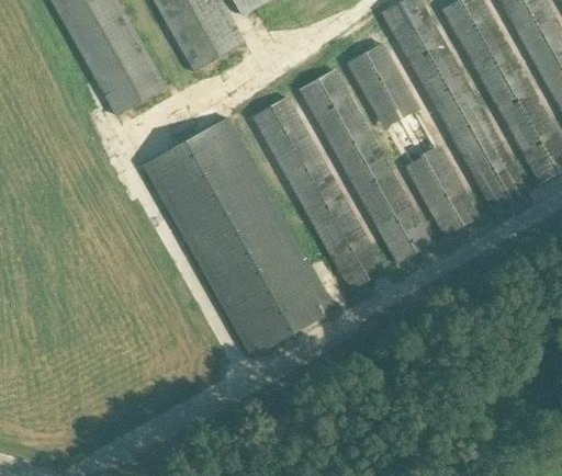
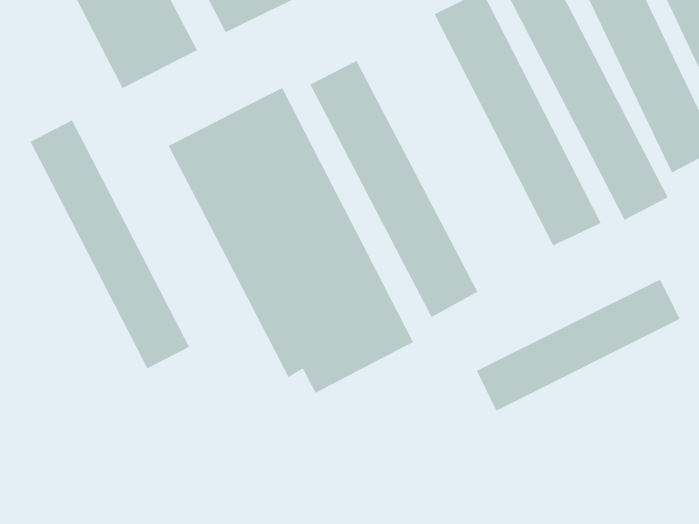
building: [305,68,430,269] -> none
building: none -> [30,119,190,369]
building: none -> [476,279,681,412]

